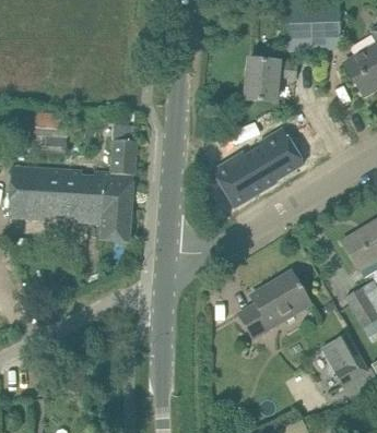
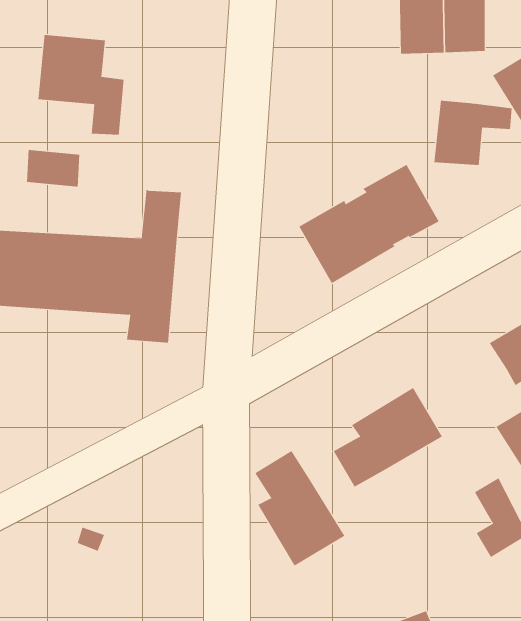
building: none -> [38,34,124,135]
building: [244,59,296,103] -> [434,100,512,166]
building: none -> [255,450,345,566]

